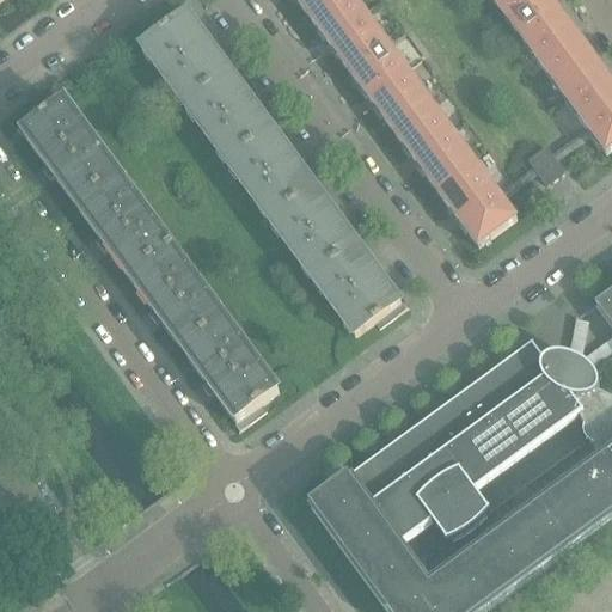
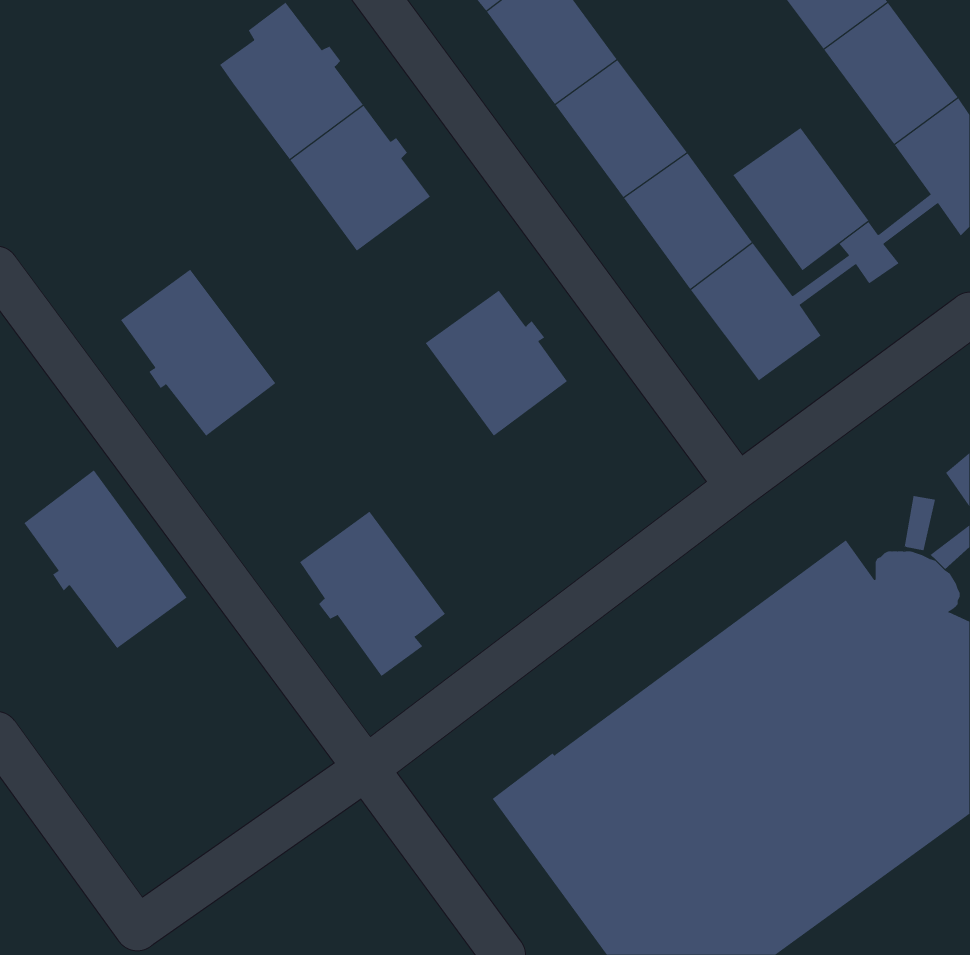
building: none -> [732,127,869,271]
building: [17,94,120,201] -> none
building: [224,123,313,215] -> none
building: [310,239,403,332] -> none
building: [129,240,232,353] -> [24,470,187,649]

